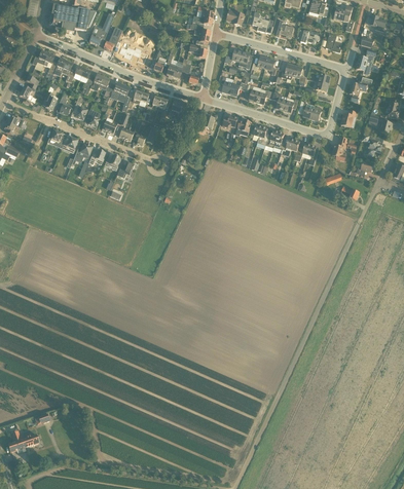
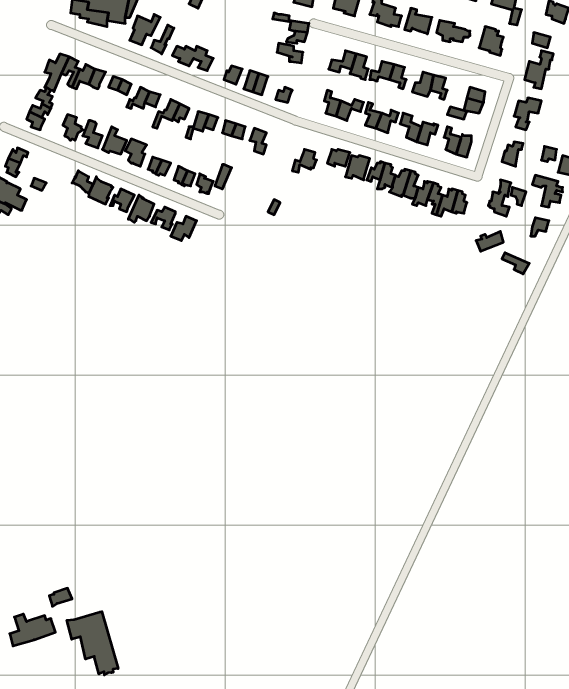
building: none -> [67,612,118,675]

